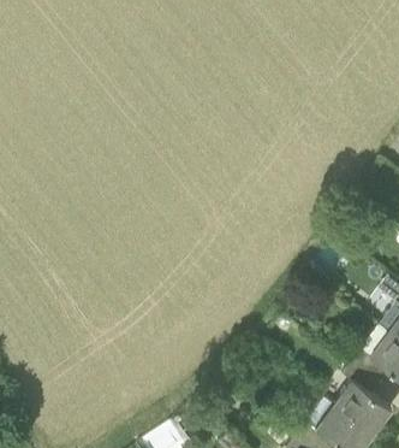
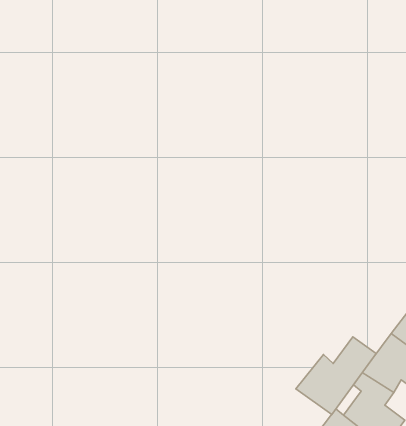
building: none -> [296,337,376,414]

